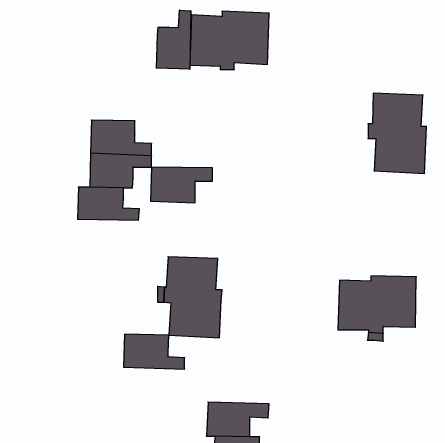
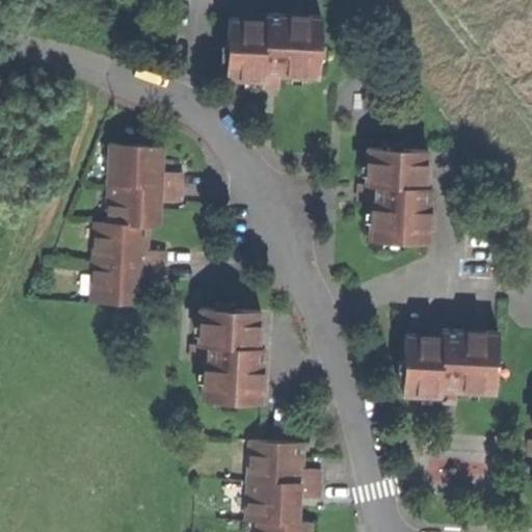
building: [156,10,191,69] -> none
building: [368,93,426,173] -> [363,149,432,244]
building: [151,167,212,203] -> [91,264,165,307]
building: [124,334,185,369] -> [248,443,321,484]

